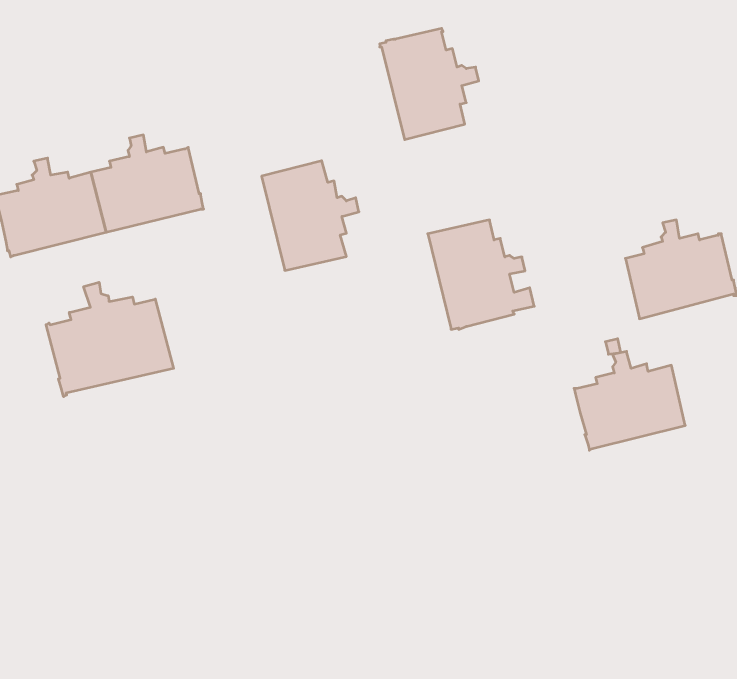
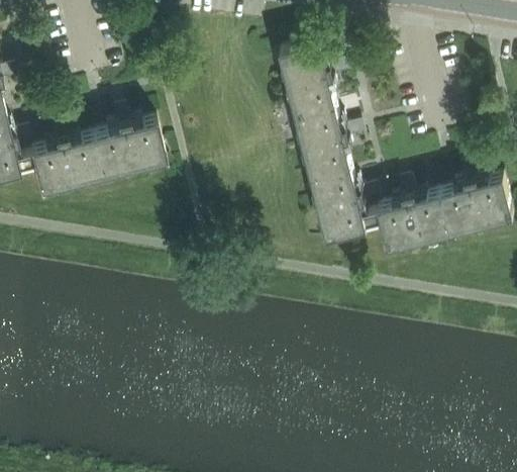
building: [262,161,359,270] -> [294,107,357,179]
building: [46,282,174,397] -> none
building: [574,351,685,450] -> [375,186,447,251]

